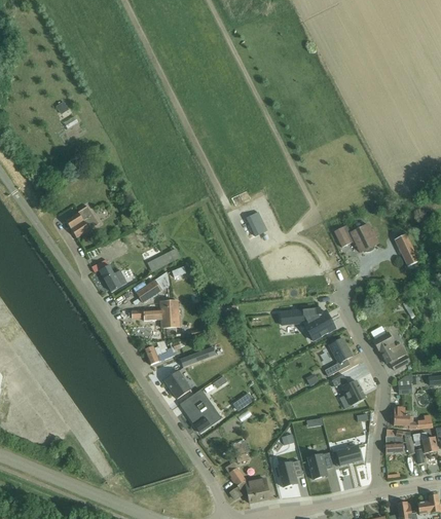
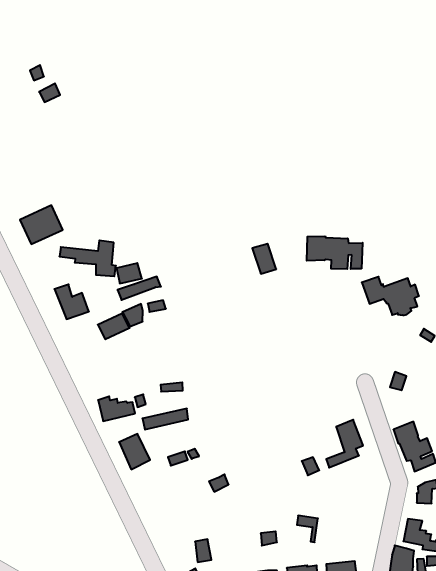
building: none -> [307,236,363,269]
building: [132,301,176,328] -> [59,240,116,276]
building: [280,307,334,340] -> none
building: [331,374,365,405] -> none
building: [183,397,216,432] -> none

